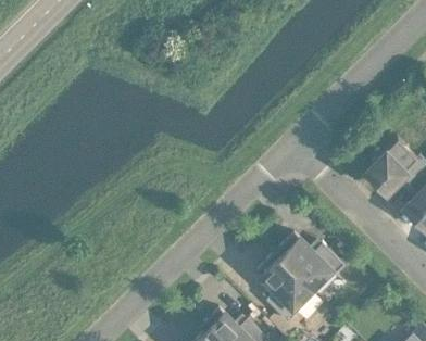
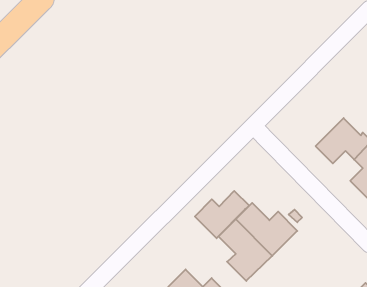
building: none -> [195,191,249,238]

